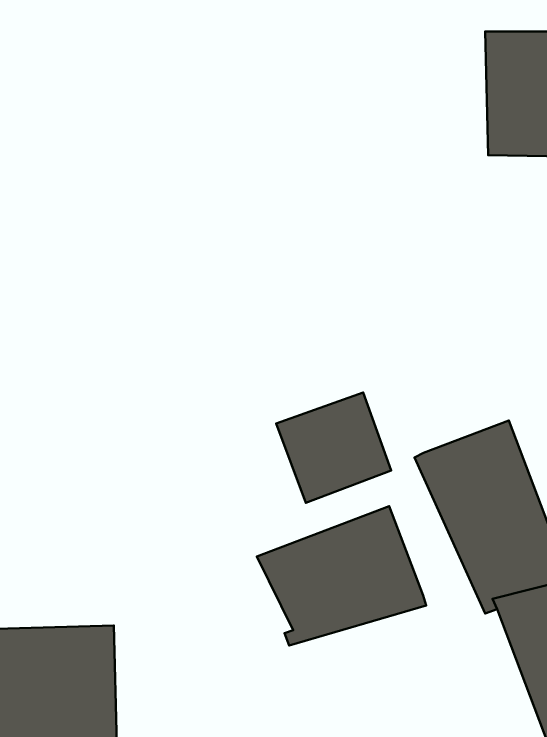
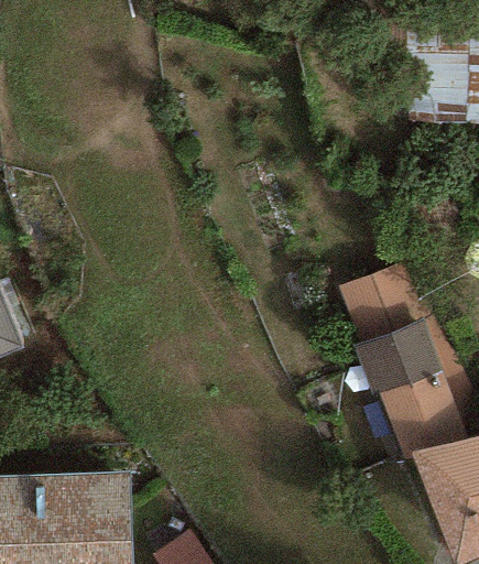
building: [276,392,391,503] -> [339,262,425,345]
building: [257,506,426,645] -> none

